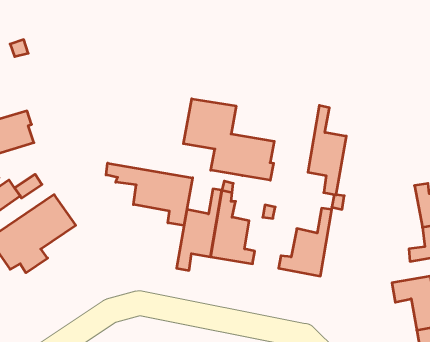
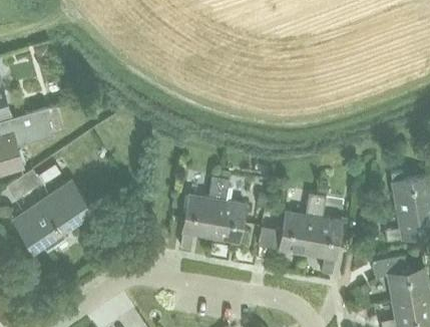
building: [183,99,274,180] -> none
building: [308,105,346,195] -> [307,195,341,274]
building: [106,163,193,226] -> none

